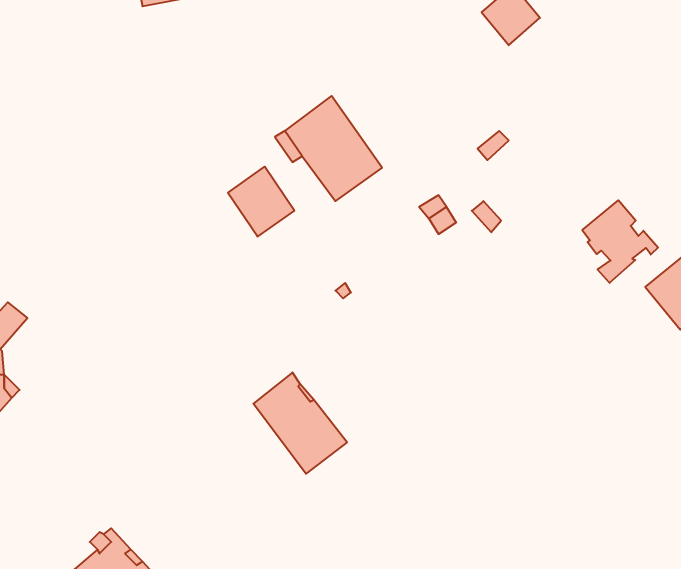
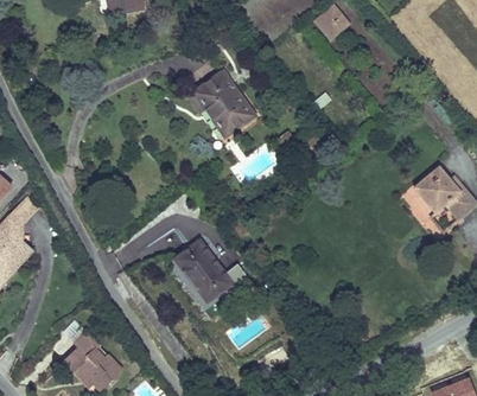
building: [228,167,294,237] -> none
building: [582,200,658,283] -> none

